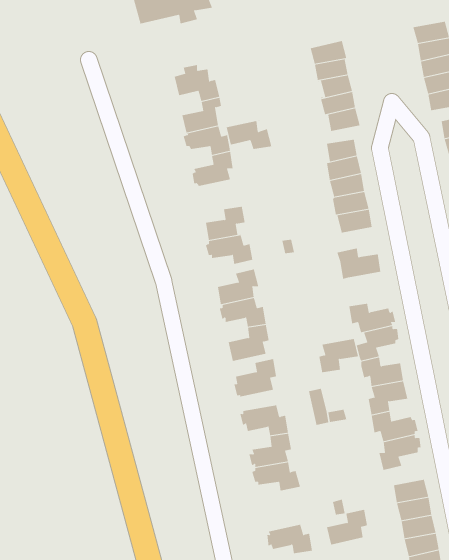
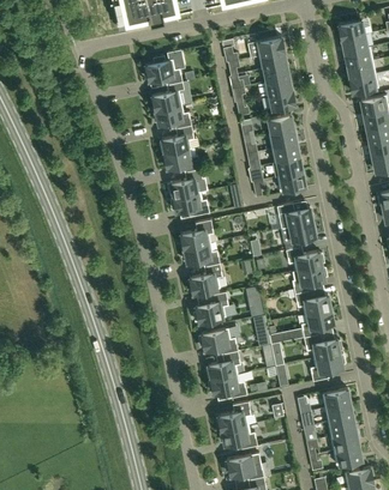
building: [226,120,272,150] -> [163,147,201,171]
building: [319,339,359,373] -> [283,222,316,249]
building: [326,509,368,545] -> [217,401,251,430]

